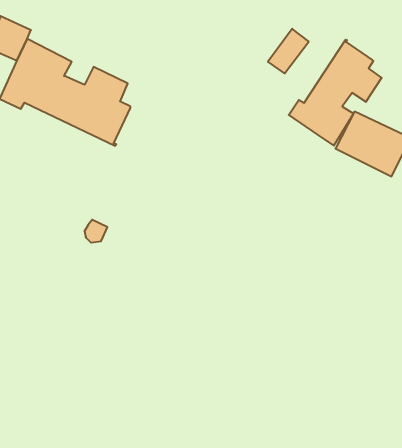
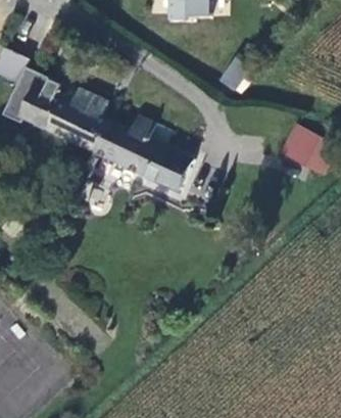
building: [289,40,382,146] -> none
building: none -> [95,118,191,191]

